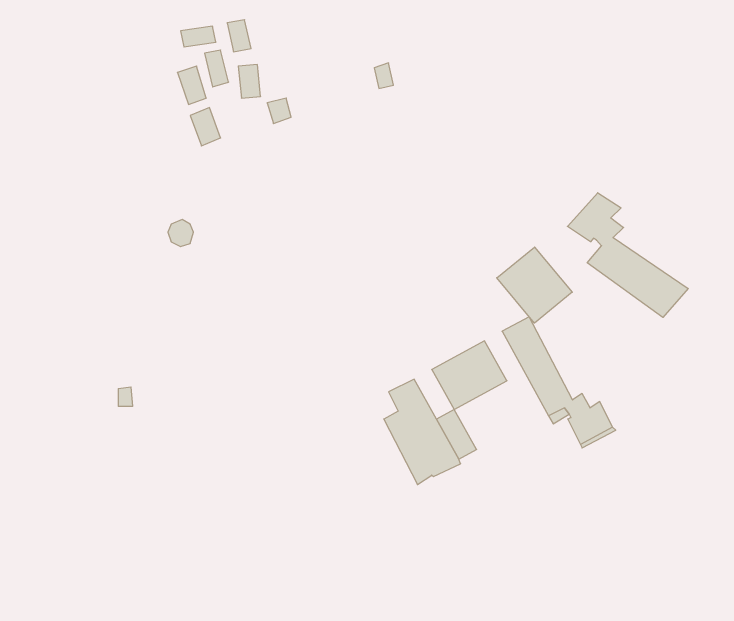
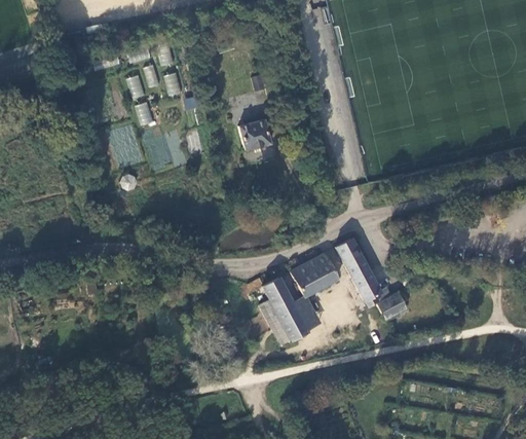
building: none -> [239,119,271,150]
building: [567,193,688,317] -> none
building: [497,247,572,323] -> none

